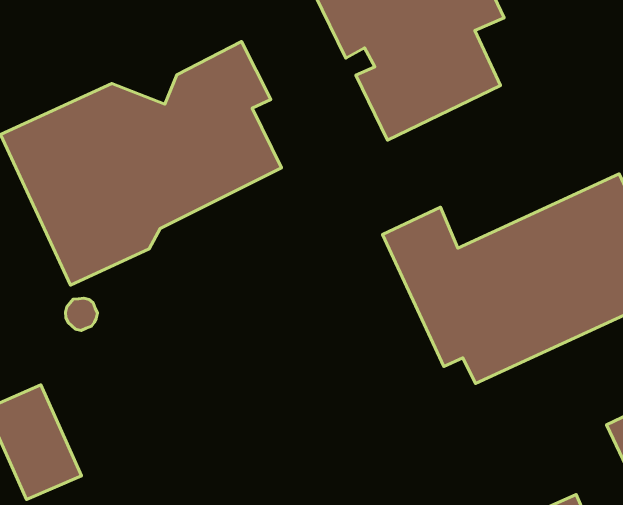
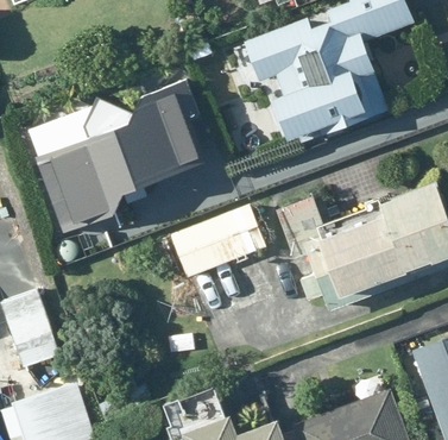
building: none -> [166,206,263,277]

